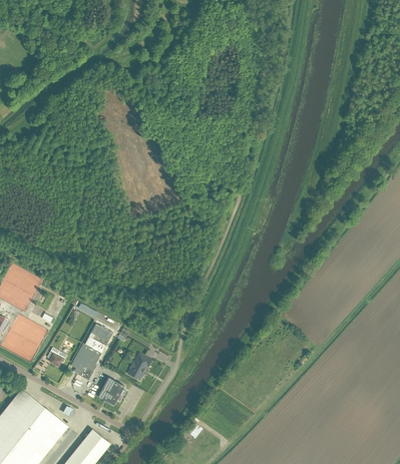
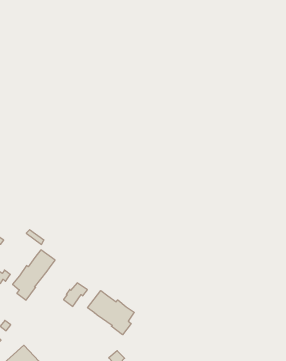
building: none -> [88,291,134,335]
building: [98,378,124,406] -> none

